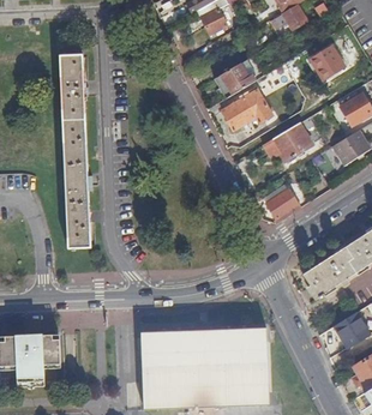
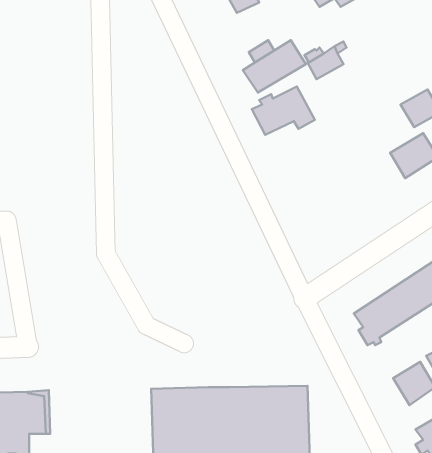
building: [311,42,352,83] -> none
building: [60,54,90,248] -> none
building: [271,122,311,161] -> none
building: [265,187,299,222] -> none

